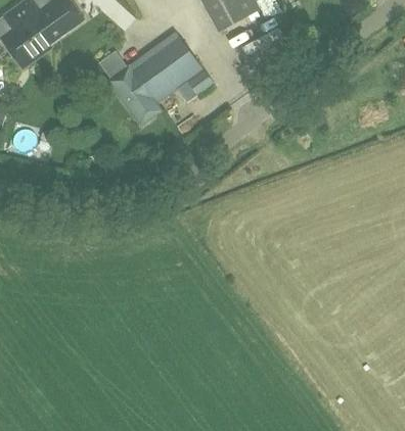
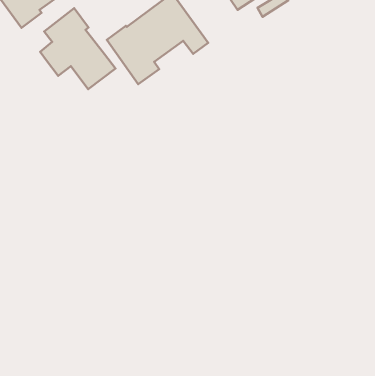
building: none -> [40,8,115,89]

